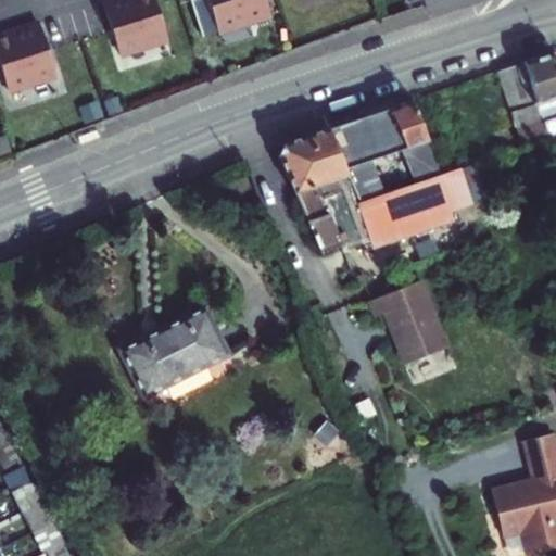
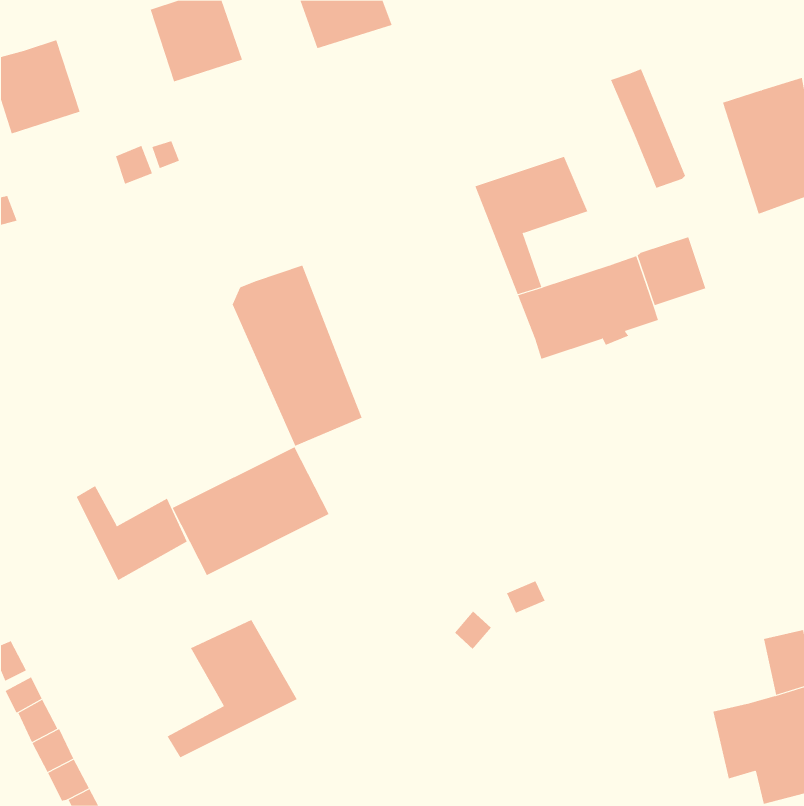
building: [390,100,442,182] -> [610,69,686,189]
building: [279,128,369,253] -> [232,265,363,446]
building: [370,281,447,364] -> none
building: none -> [76,485,187,581]
building: none -> [167,619,298,758]

